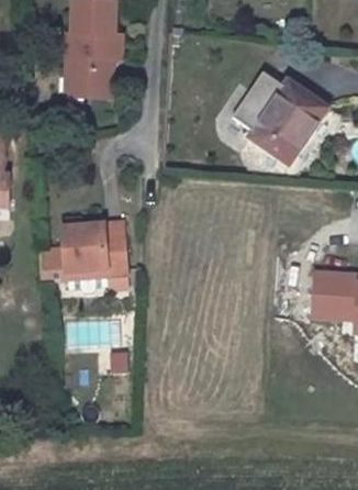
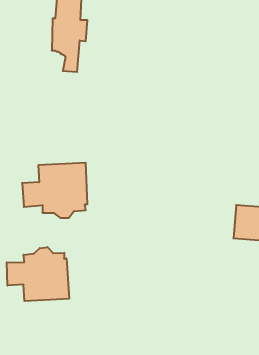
building: [233,73,327,164] -> none
building: none -> [7,247,69,301]

